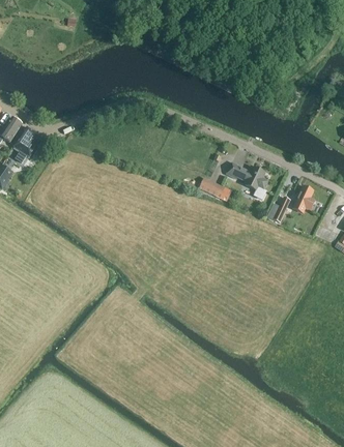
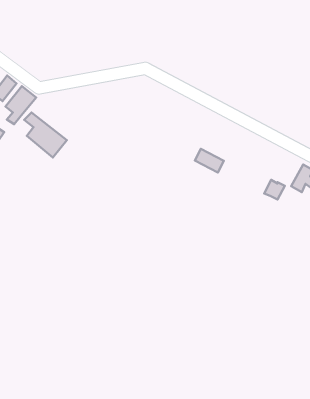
building: none -> [24,112,67,157]
building: [227,162,269,200] -> none

